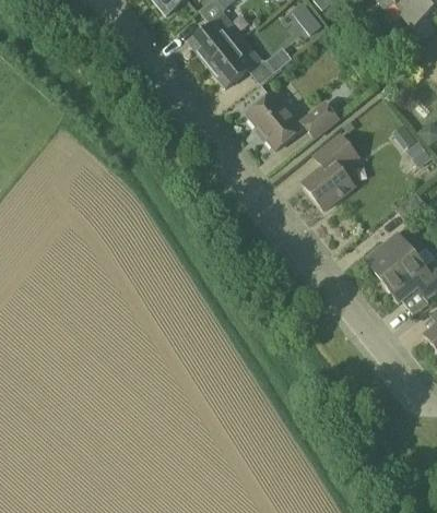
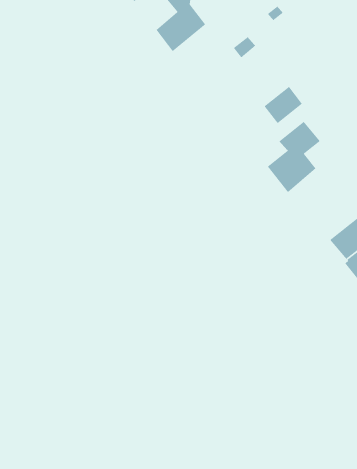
building: [206,36,260,86] -> none
building: [247,94,300,148] -> none

